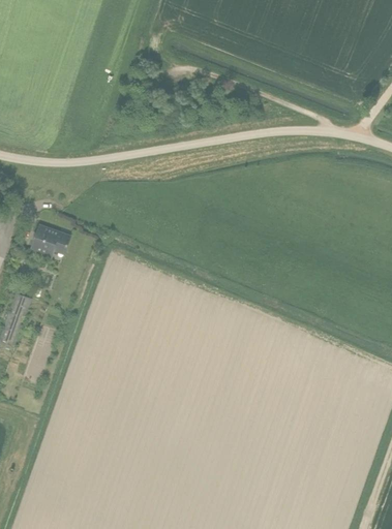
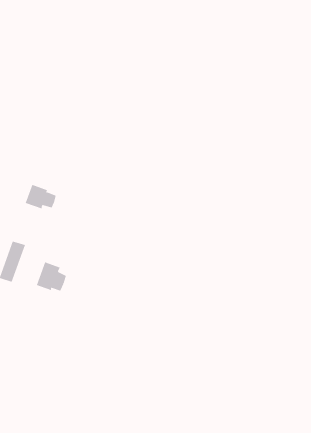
building: none -> [36,261,67,292]

